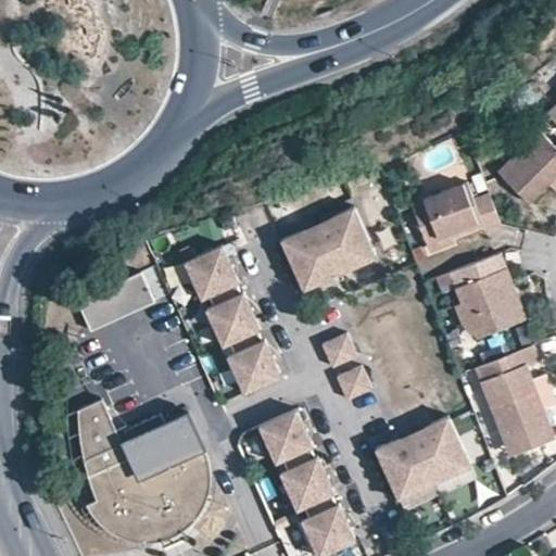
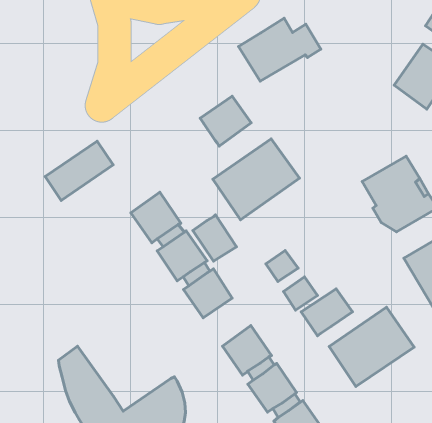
building: none -> [200,96,251,146]
building: [409,181,500,247] -> [239,18,321,81]
building: [76,275,153,333] -> [45,141,113,200]
building: none -> [193,215,237,261]
building: none -> [301,289,353,336]
building: [118,413,199,481] -> none

